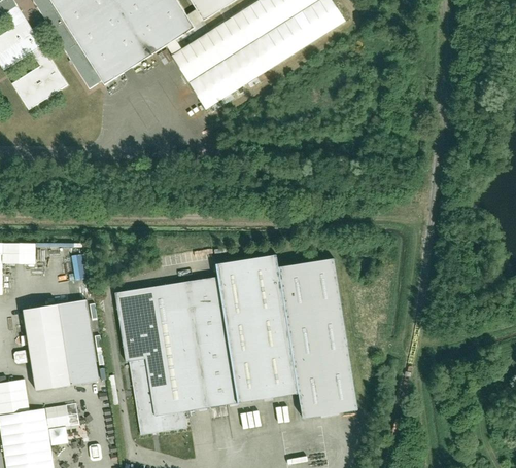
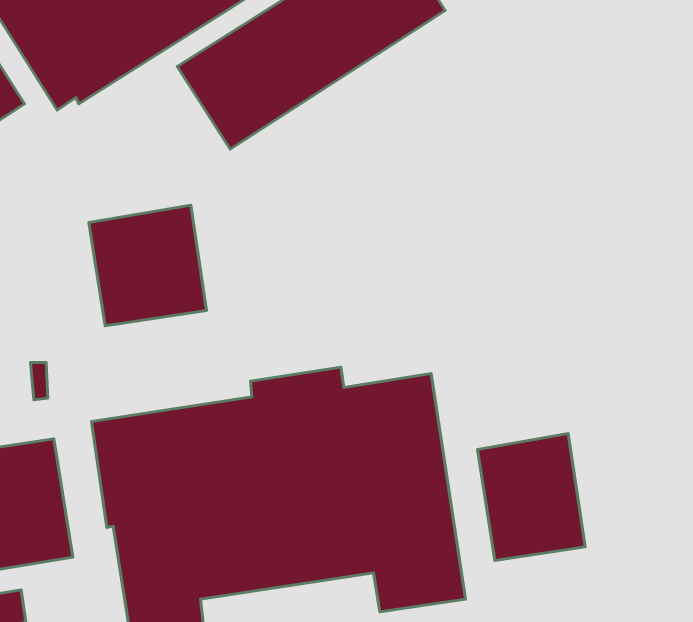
building: none -> [89,205,206,326]
building: none -> [477,433,585,561]

